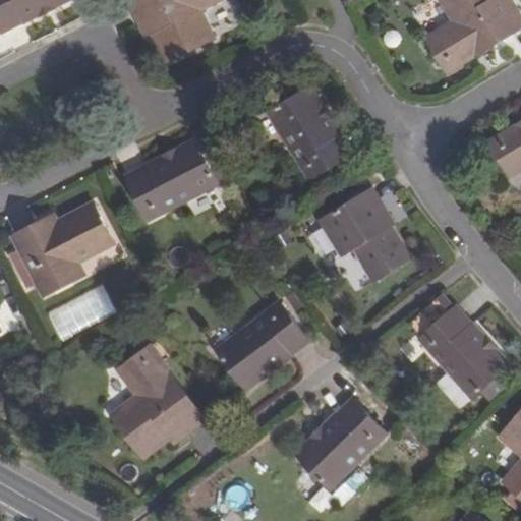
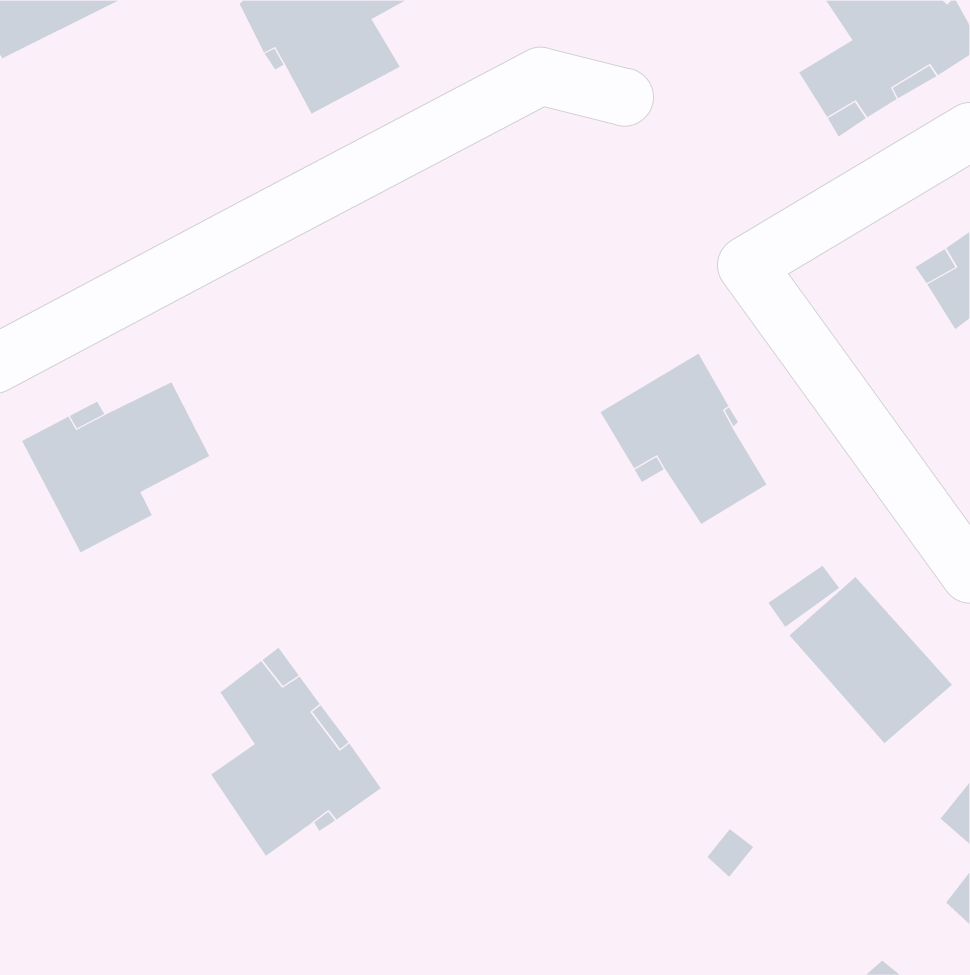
building: [268,88,350,180] -> none
building: [125,141,217,220] -> none
building: [47,284,116,339] -> none
building: [217,302,307,388] -> none
building: [295,399,386,488] -> none

